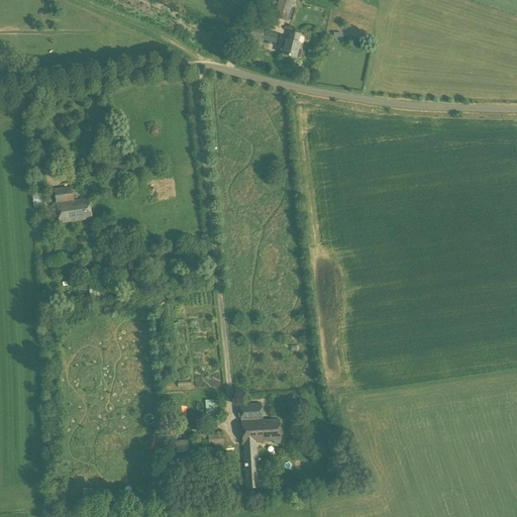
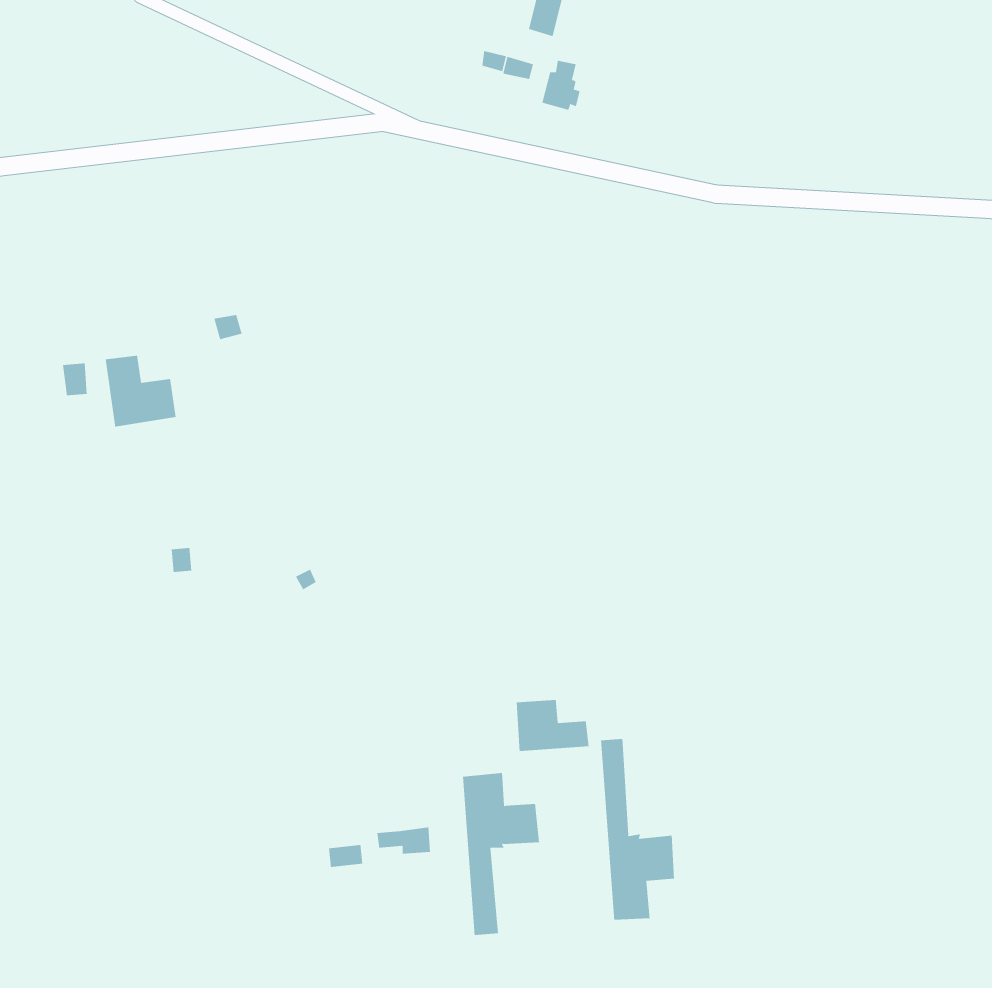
building: none -> [516,699,589,752]
building: none -> [600,738,674,921]

